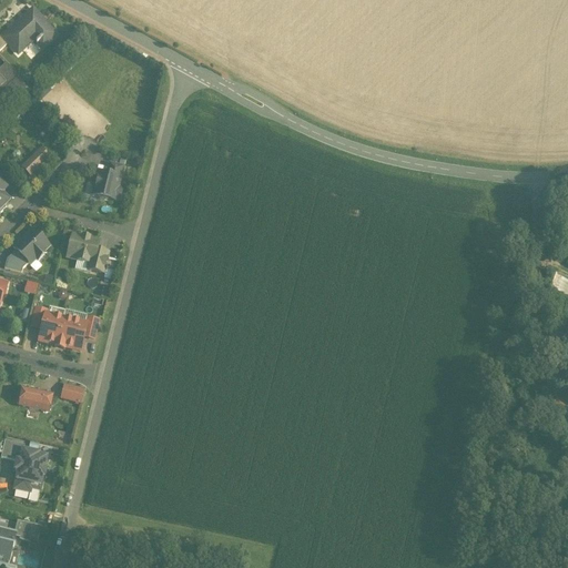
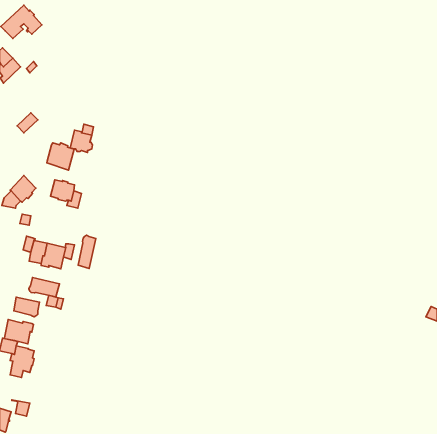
building: none -> [47,143,74,170]
building: none -> [78,235,96,268]
building: none -> [29,278,59,297]
building: none -> [4,320,34,344]

